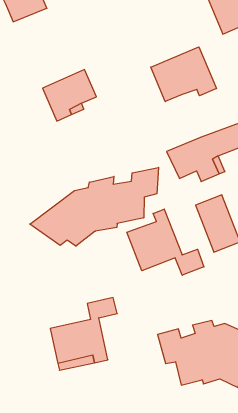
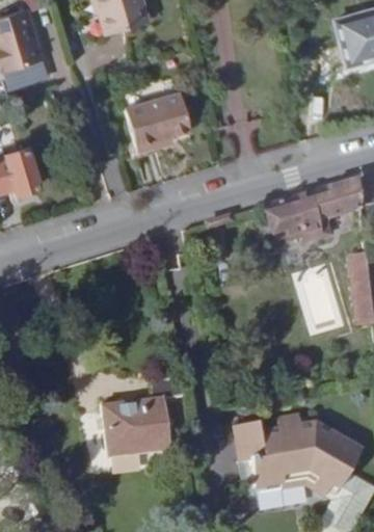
building: [151,47,216,102] -> none
building: [30,167,159,246] -> none
building: [127,209,204,275] -> none

